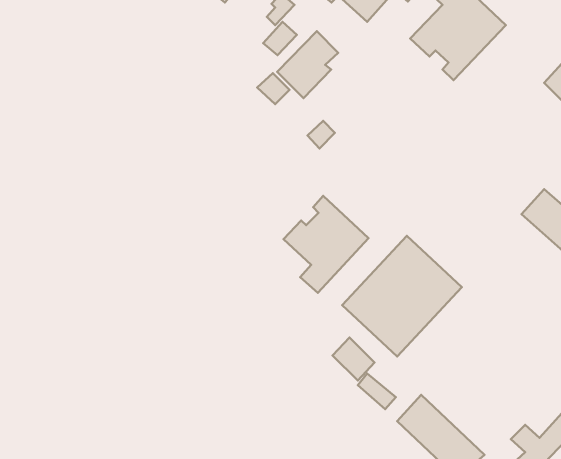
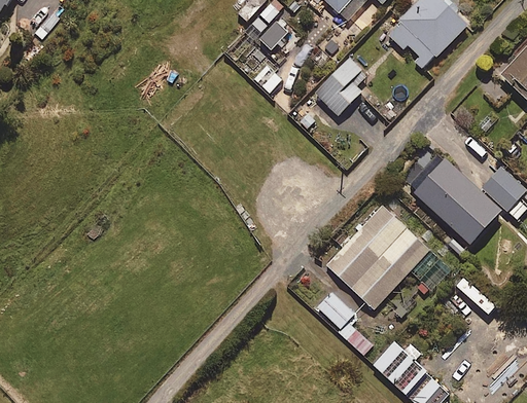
building: [277,31,338,98] -> [315,58,367,115]
building: none -> [414,158,500,244]
building: [283,196,369,293] -> none

